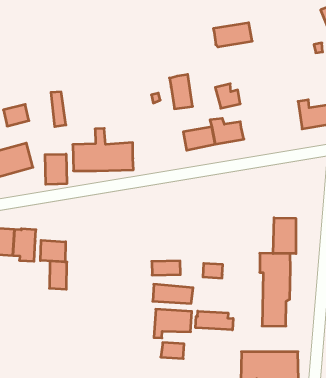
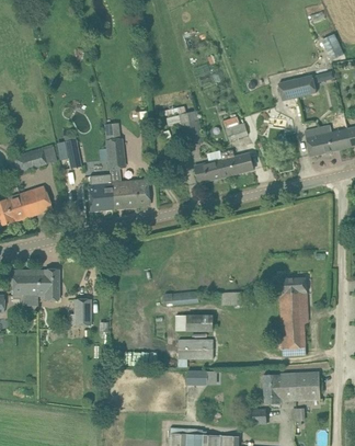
building: [213,23,252,47] -> [278,75,317,100]
building: none -> [105,137,126,168]
building: [45,154,67,184] -> none
building: [273,218,296,254] -> none
building: [40,240,66,262] -> none
building: [196,311,233,330] -> none

